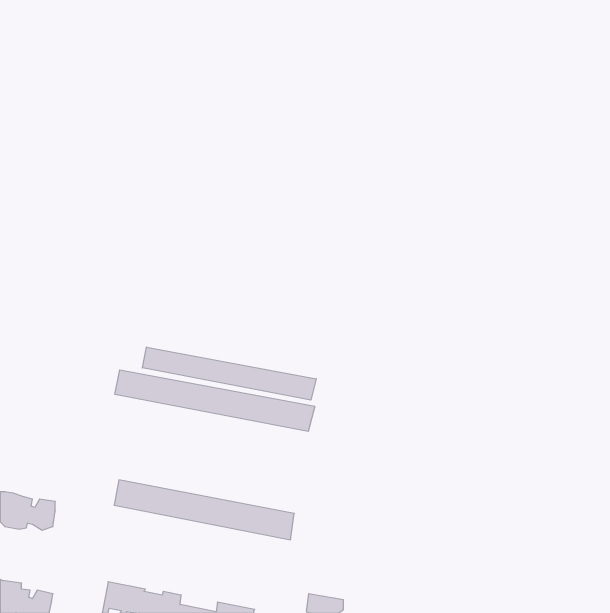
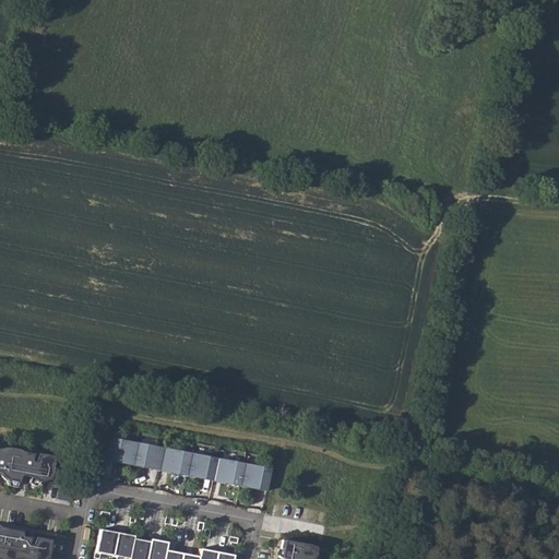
building: [142,347,316,400] -> none
building: [115,370,315,431] -> none

